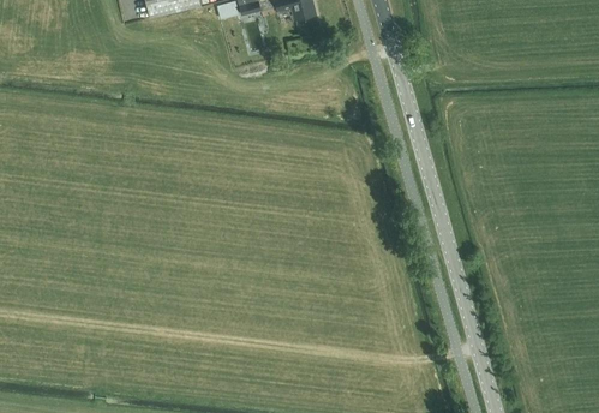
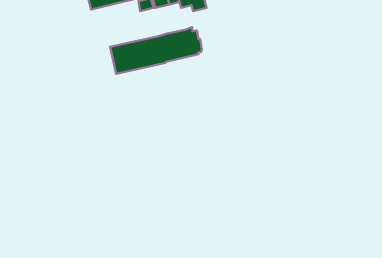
building: none -> [110,27,202,74]

